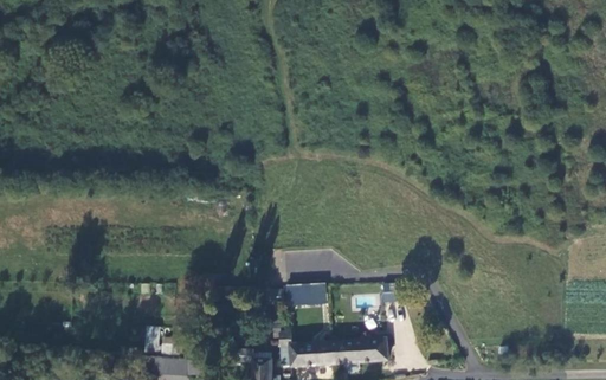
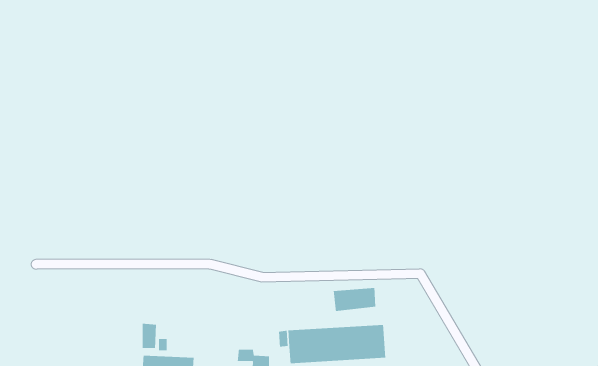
building: [282,282,325,307] -> [333,287,376,312]

